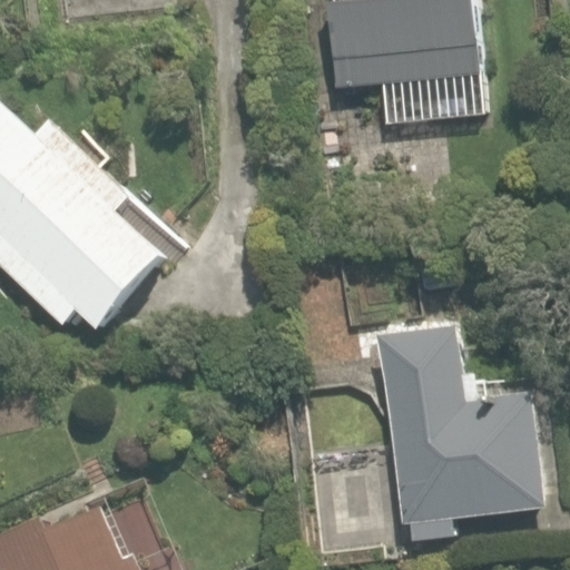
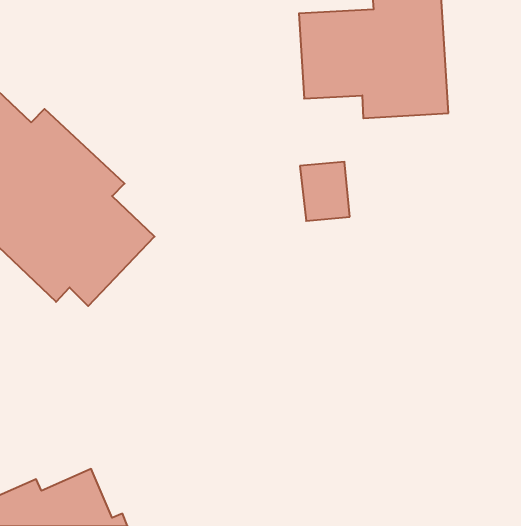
building: [381,327,544,539] -> none

